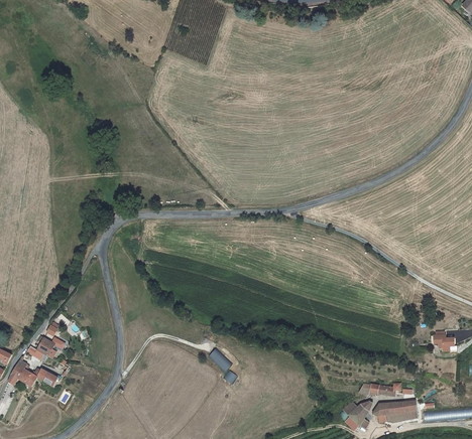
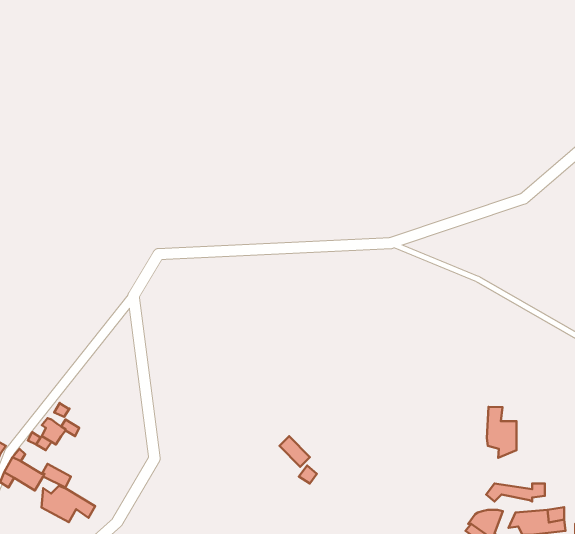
building: none -> [487,407,517,458]
building: none -> [42,486,95,522]

